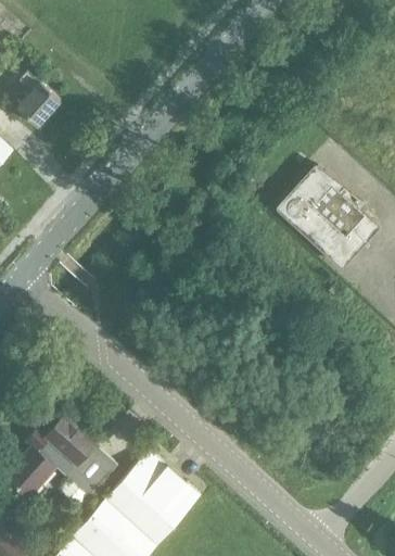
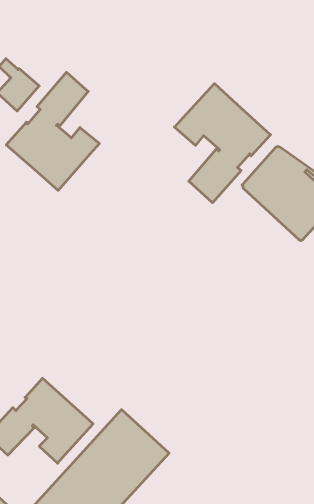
building: none -> [6,72,99,190]
building: none -> [174,84,271,203]

